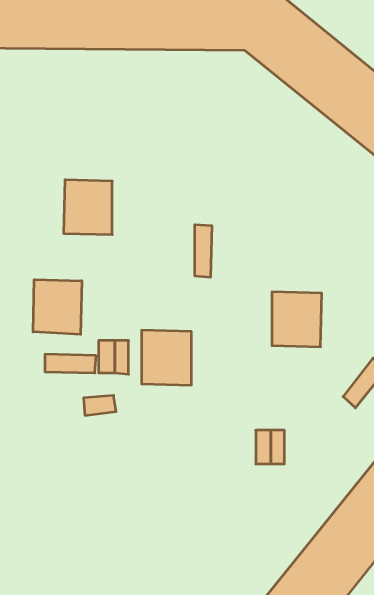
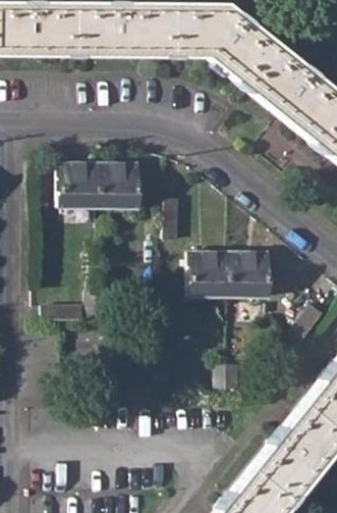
building: none -> [98,162,138,206]
building: [33,280,82,334] -> none
building: [142,330,191,385] -> [187,252,228,297]

